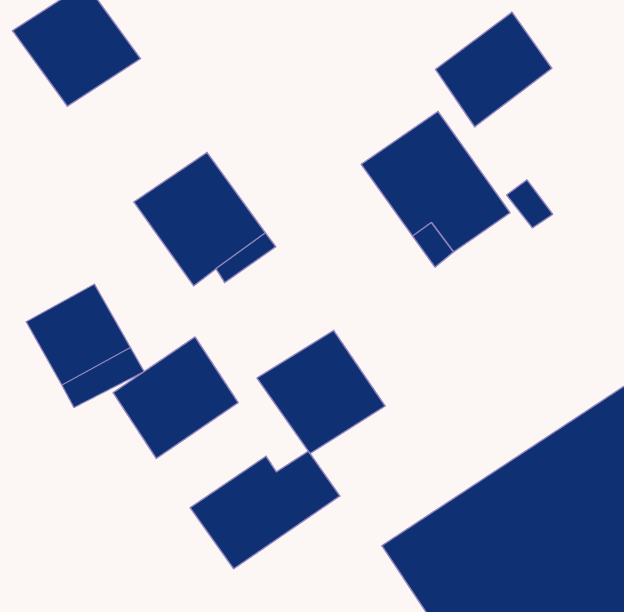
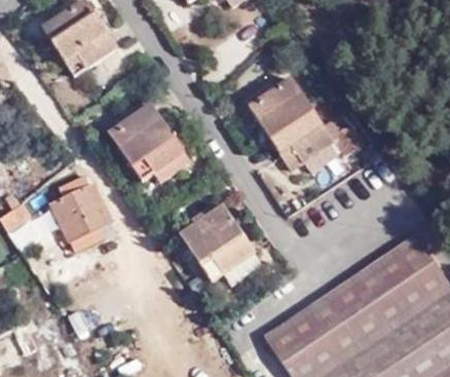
building: [436,12,552,127] -> none
building: [113,337,238,458] -> none
building: [190,451,340,569] -> none

